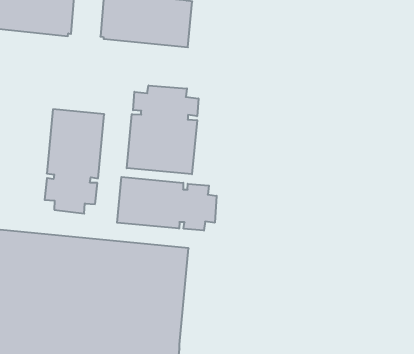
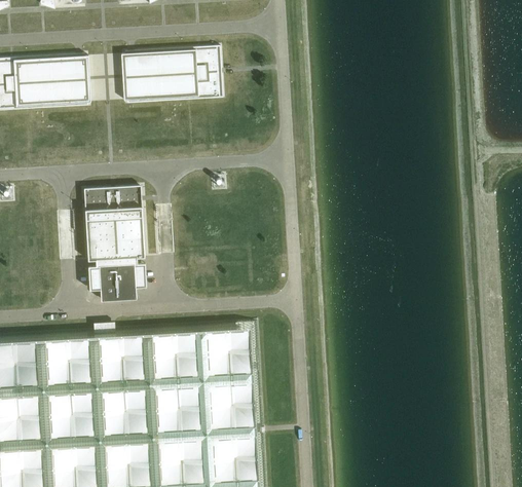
building: [127,85,198,174] -> none
building: [117,177,217,231] -> none

